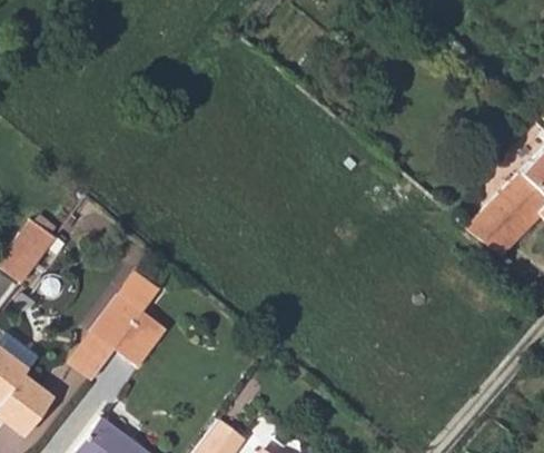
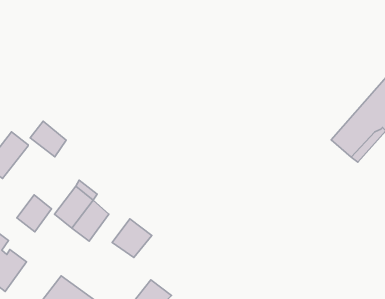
building: none -> [30,121,66,157]
building: [68,331,115,381] -> [17,195,51,232]
building: none -> [112,219,152,257]

